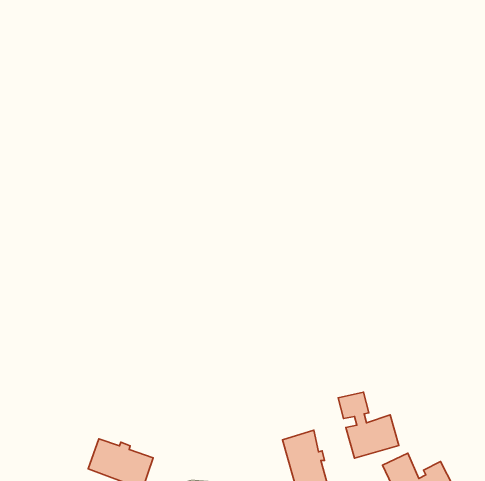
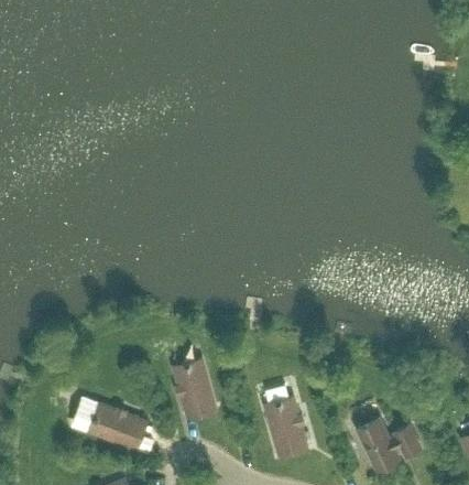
building: none -> [174,358,216,418]
building: [338,392,399,458] -> none

